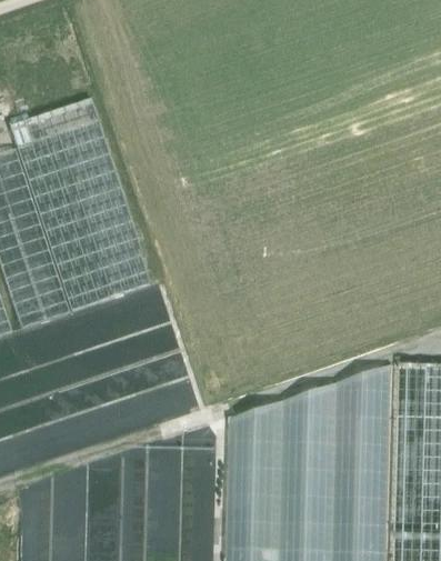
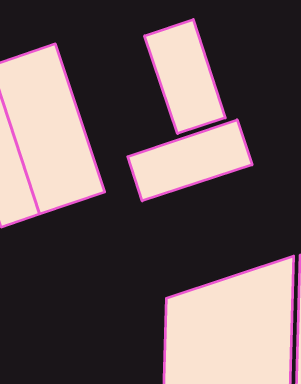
building: none -> [145,19,225,134]
building: none -> [128,120,252,201]

